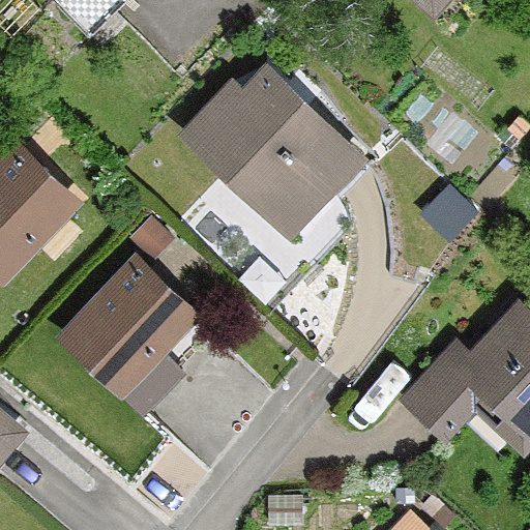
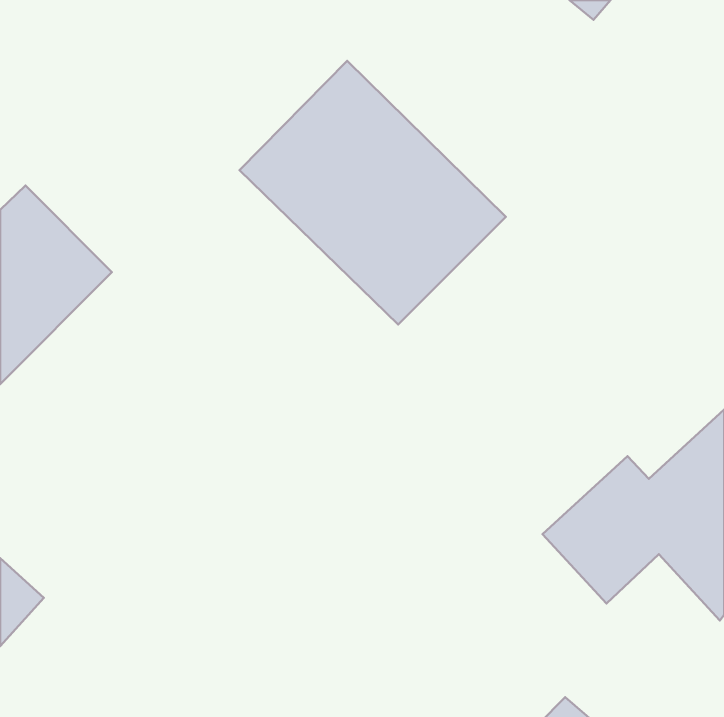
building: [55,254,198,415] -> none

